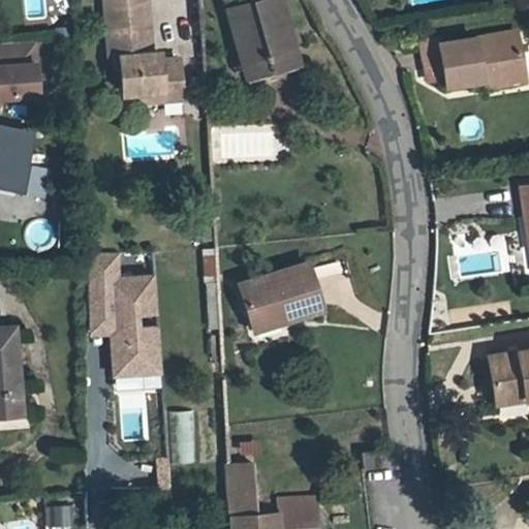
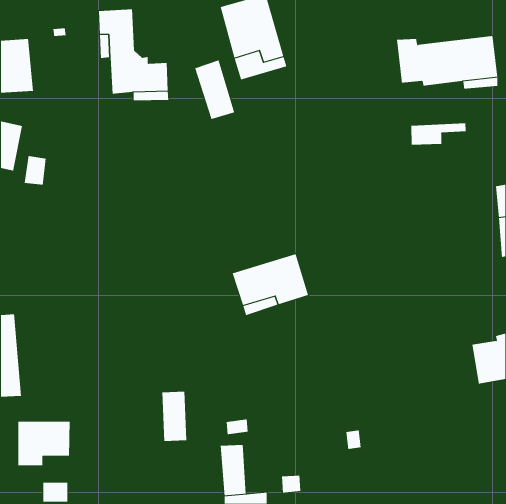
building: none -> [195,60,235,120]
building: none -> [411,123,466,146]
building: [88,250,162,374] -> none
building: none -> [18,421,70,466]

